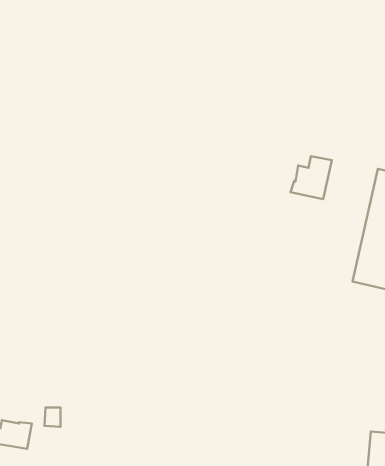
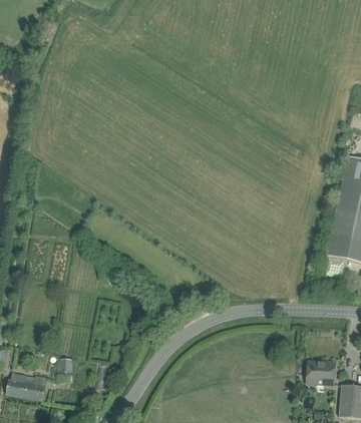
building: [290,156,332,199] -> none
building: none -> [307,360,336,384]

